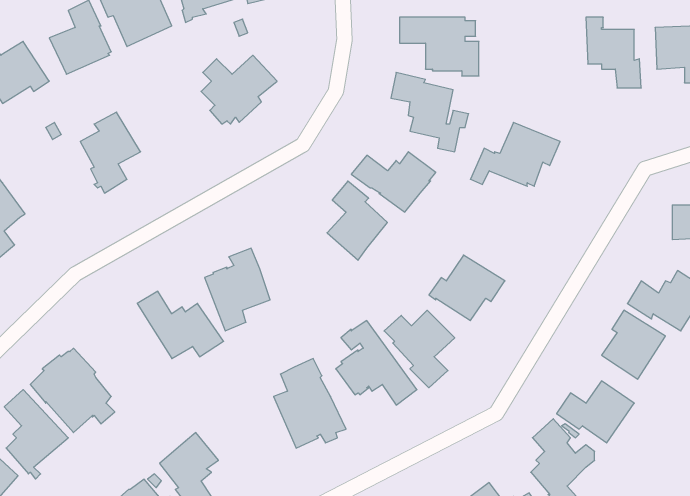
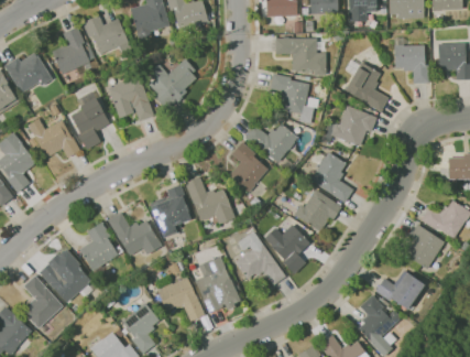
building: none -> [345,58,389,111]
building: none -> [108,76,155,121]
building: none -> [29,119,80,158]
building: none -> [310,149,353,203]
building: none -> [186,176,236,224]
building: none -> [79,221,119,279]
building: none -> [157,278,205,322]

